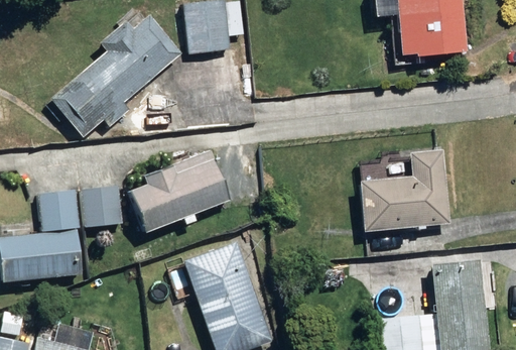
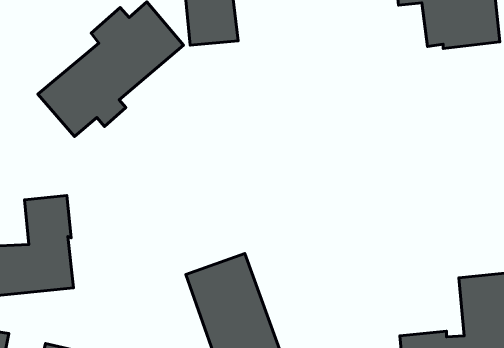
building: [128,149,230,233] -> none
building: [358,149,449,232] -> none
building: [81,186,122,227] -> none

